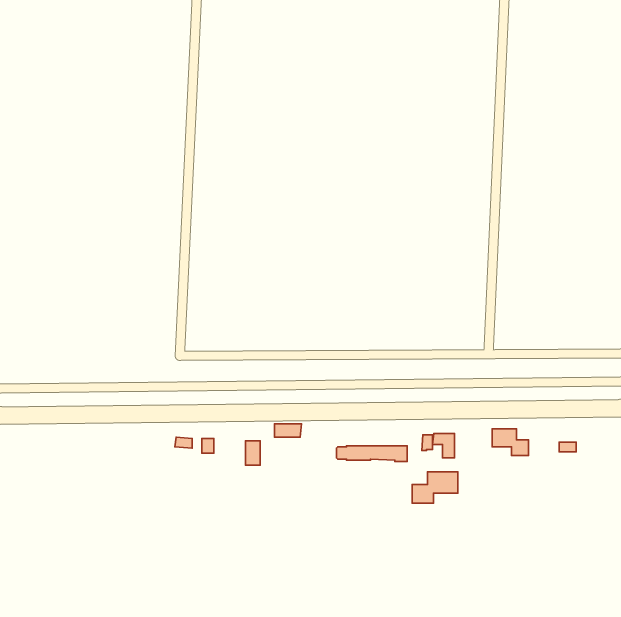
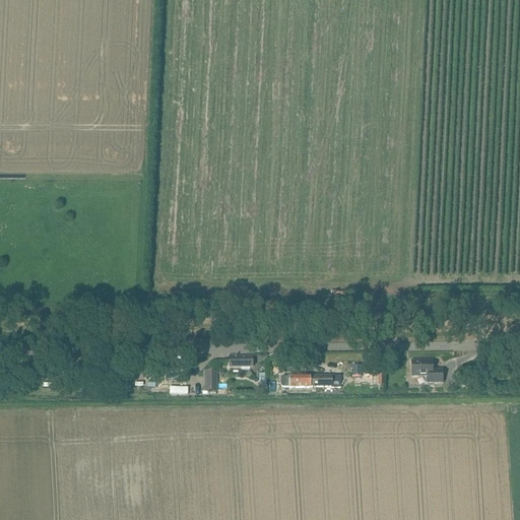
building: [412,472,458,503] -> none

